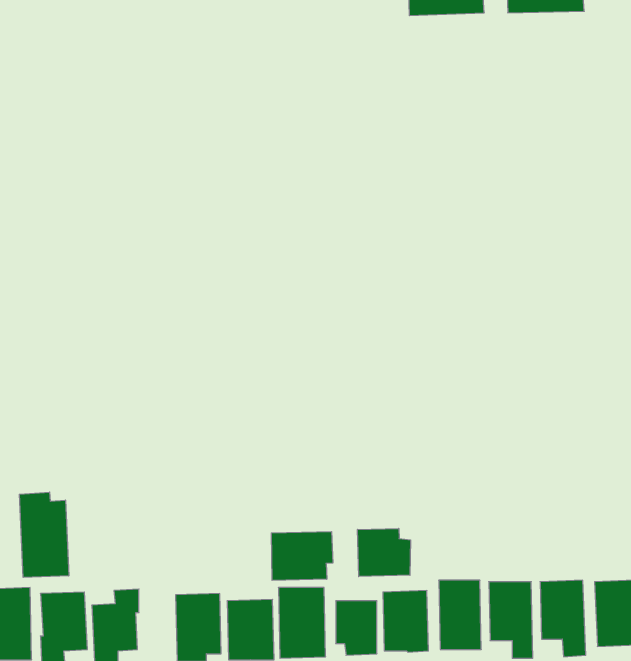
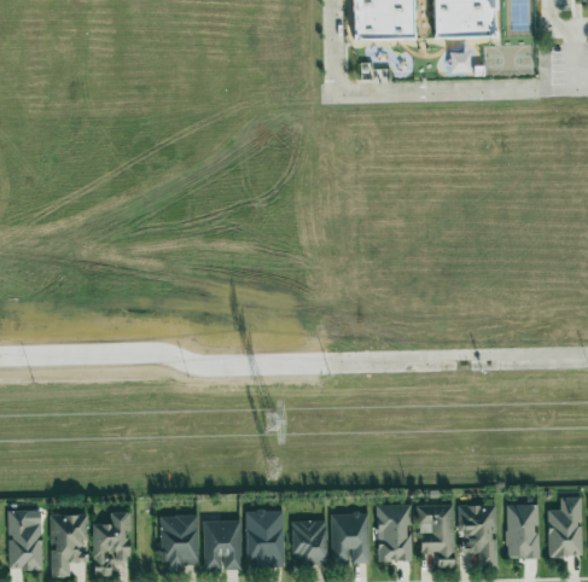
building: [19,492,69,577] -> none
building: [358,528,410,577] -> none
building: [271,532,333,580] -> none

